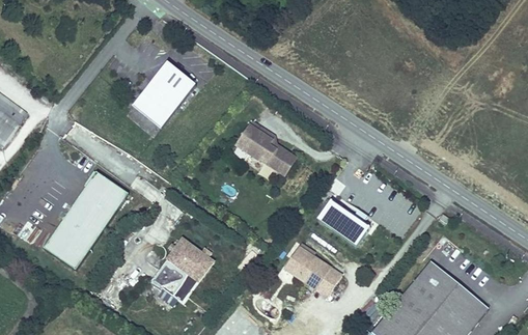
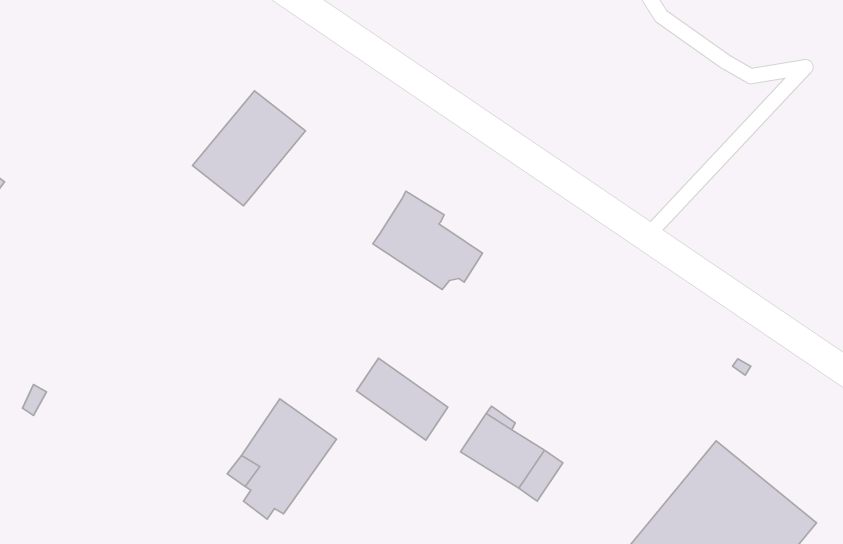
building: [44,172,127,270] -> none
building: [317,199,369,246] -> [357,358,448,440]

